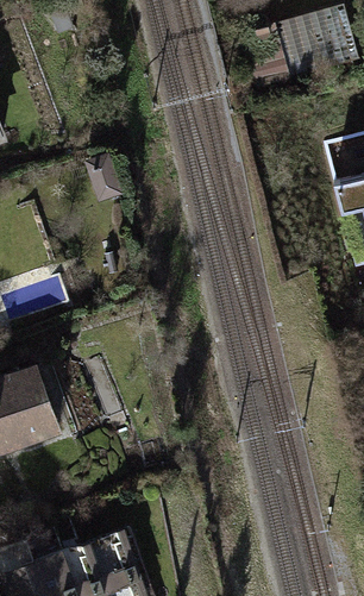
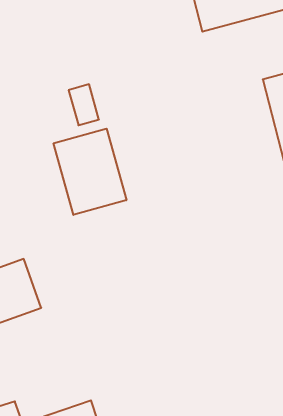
building: none -> [54,129,126,215]

